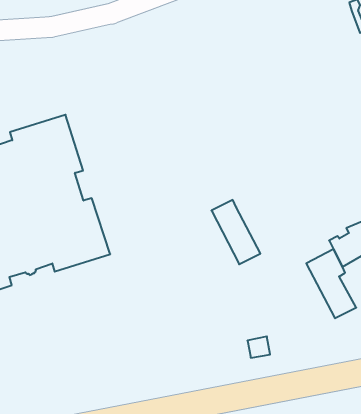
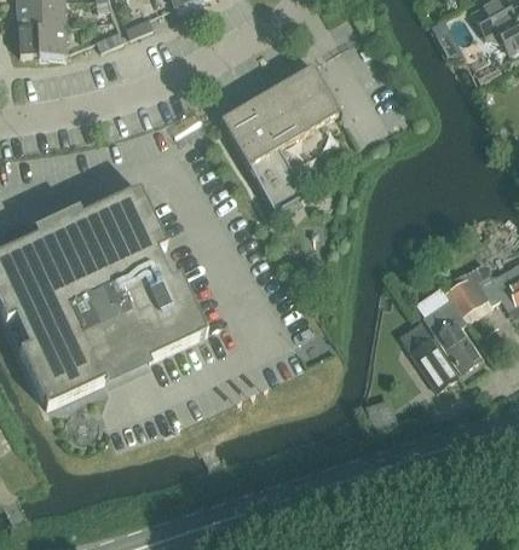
building: none -> [221,64,344,215]
building: [211,200,260,264] -> [399,319,459,388]

